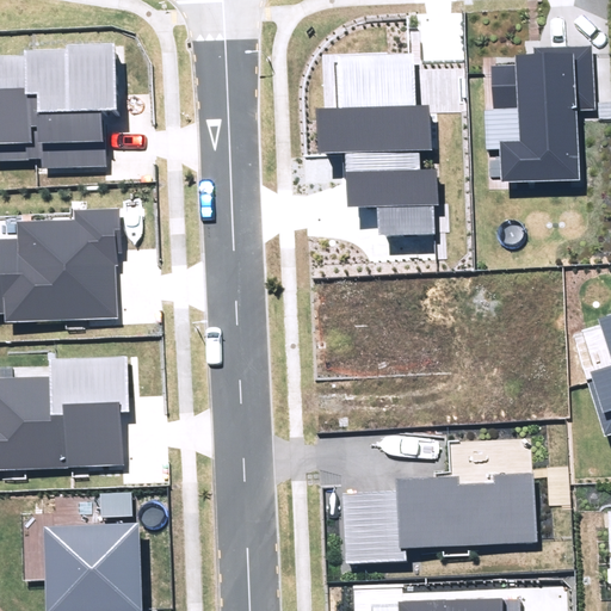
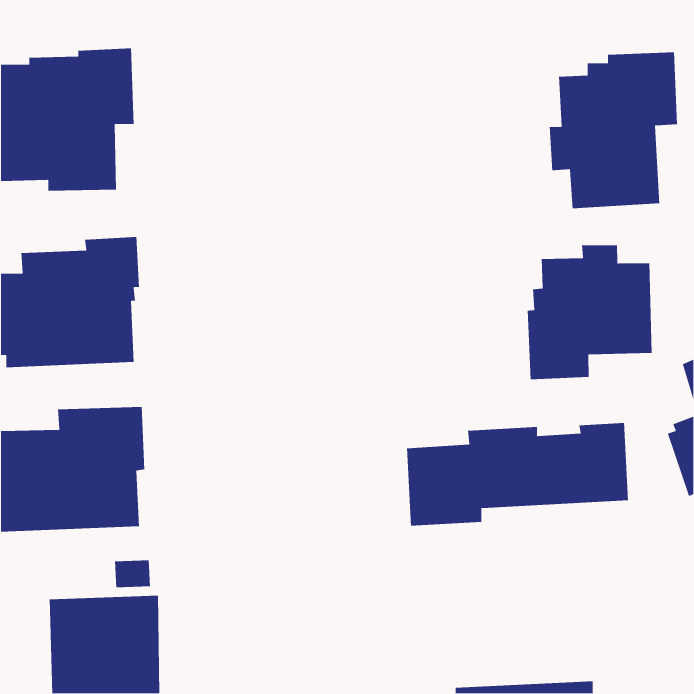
building: [316,56,440,235] -> none
building: none -> [527,244,652,380]
building: [341,473,537,564] -> [406,422,629,527]

